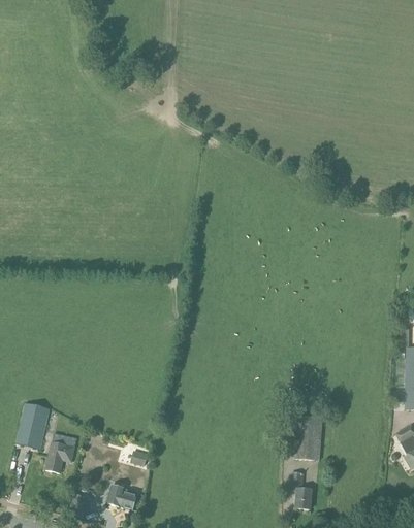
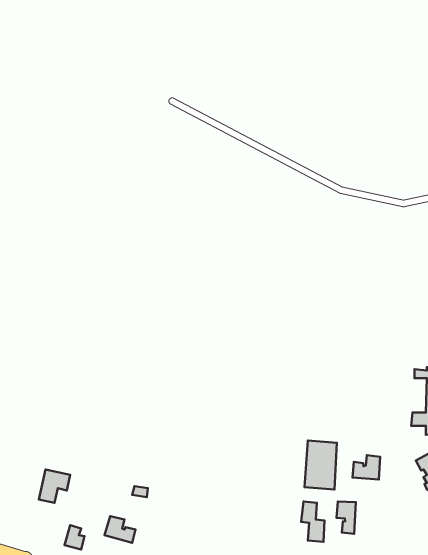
building: [15,402,51,449] -> none
building: none -> [352,455,380,479]
building: none -> [336,502,356,534]

